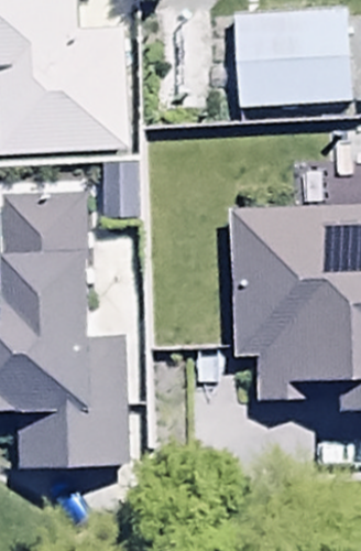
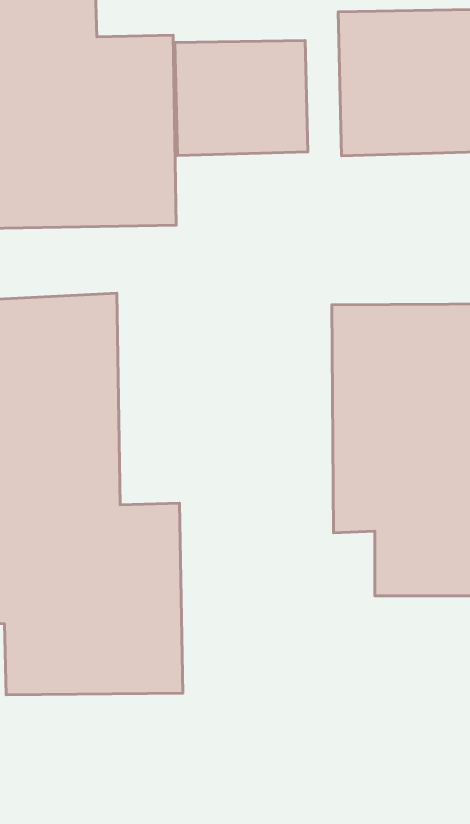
building: none -> [175,40,308,155]

